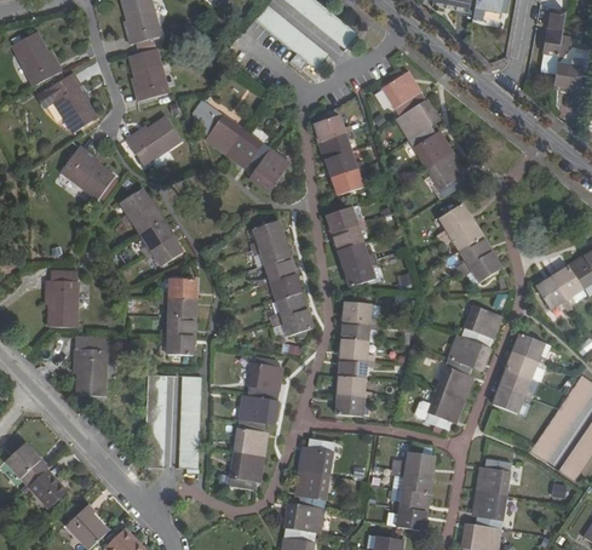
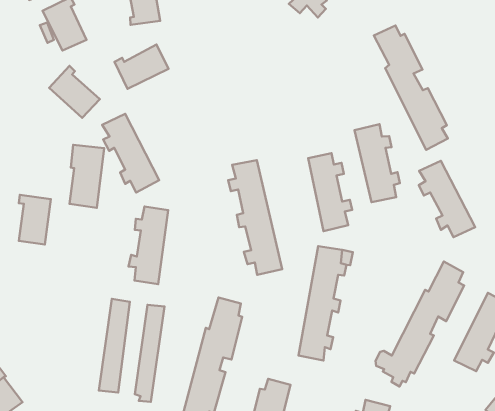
building: [189,98,289,189] -> none
building: [314,114,364,193] -> [355,124,400,202]
building: [74,336,105,396] -> [69,145,104,208]

